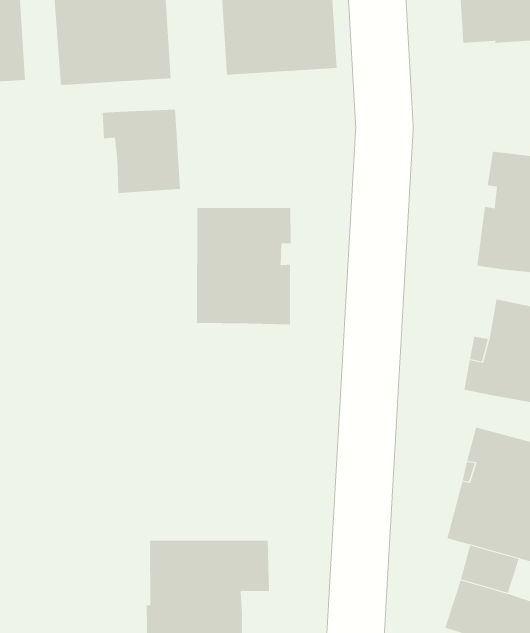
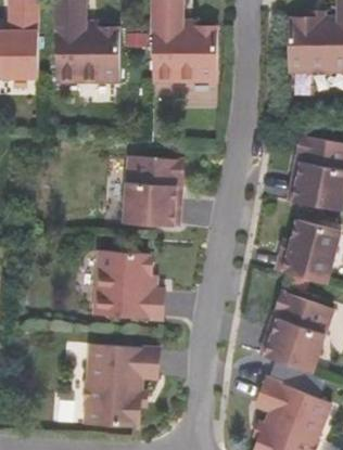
building: [102,109,181,194] -> none
building: none -> [94,250,164,319]

